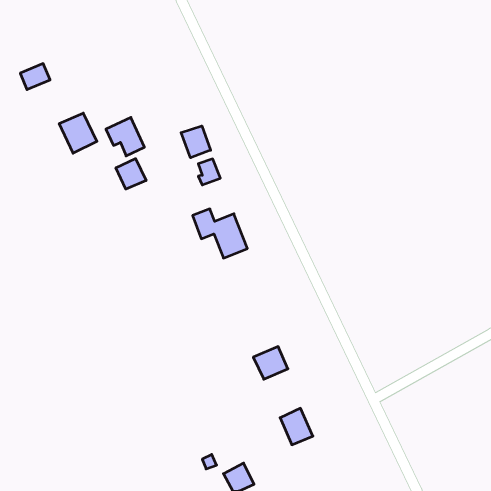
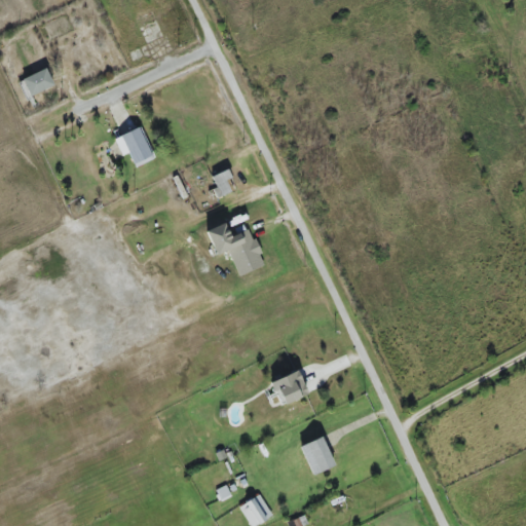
building: [59,113,97,153] -> none
building: [181,126,211,158] -> none
building: [116,159,146,189] -> none

